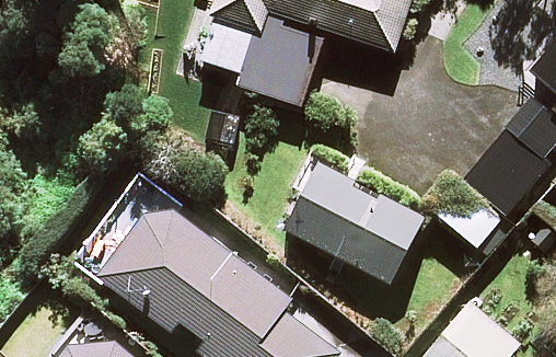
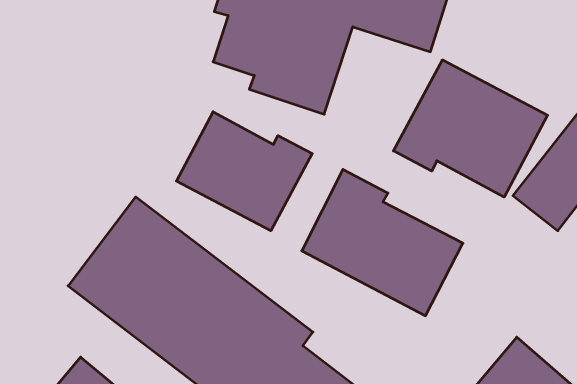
building: none -> [393,60,548,197]
building: none -> [176,112,312,231]

